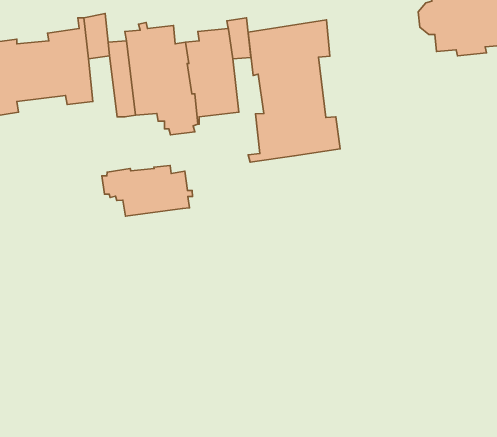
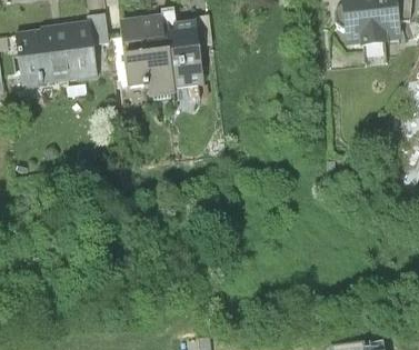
building: [248,20,340,162] -> none
building: [102,165,193,216] -> none

